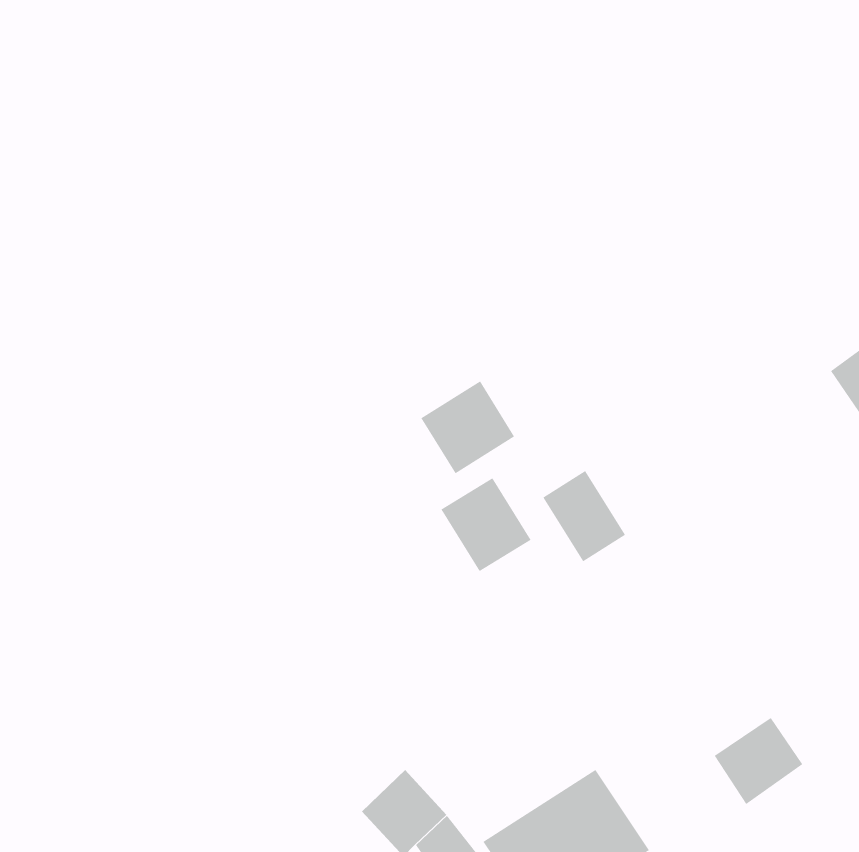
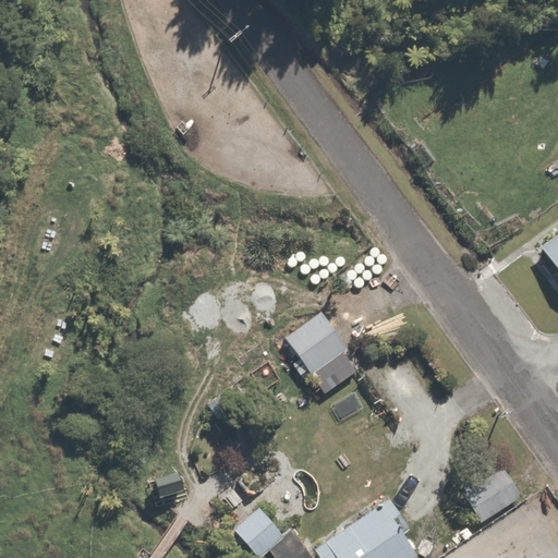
building: [421,381,515,474] -> none
building: [543,470,626,562] -> none

